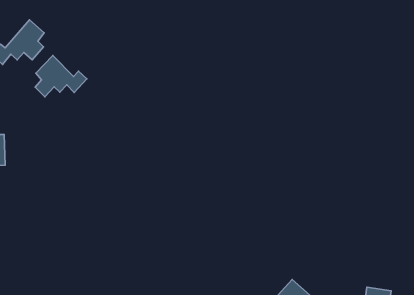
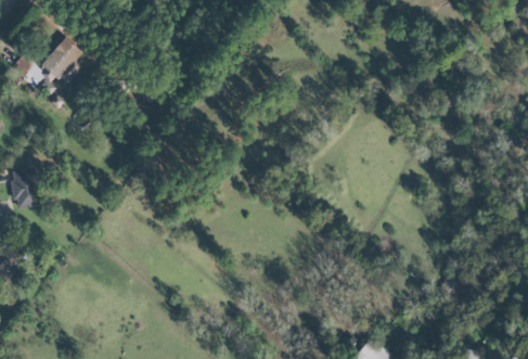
building: [35,56,87,97] -> none

